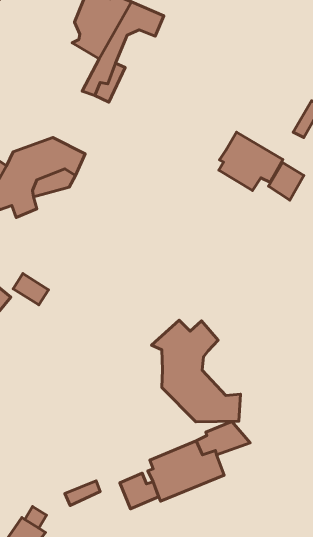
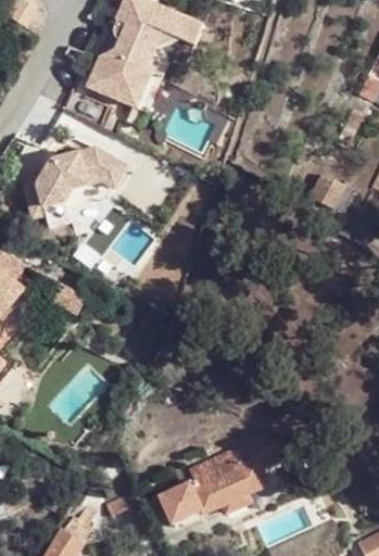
building: none -> [84,52,136,101]
building: [219,132,283,191] -> none
building: [152,320,241,422] -> none

